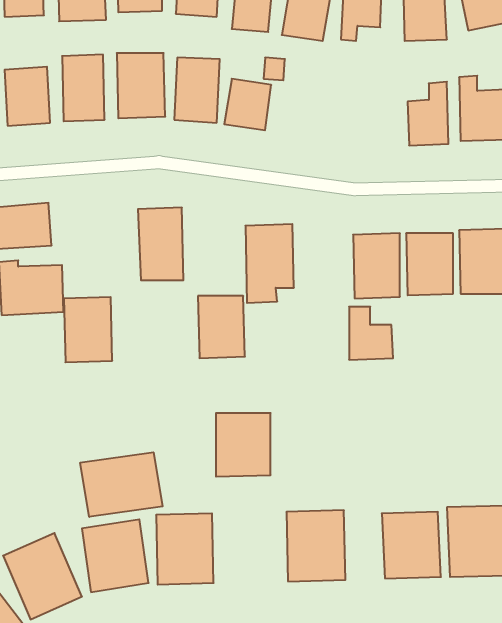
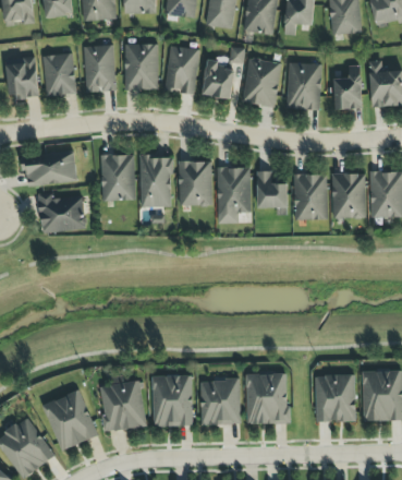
building: none -> [242,59,279,106]
building: none -> [287,63,320,109]
building: [198,296,245,358] -> [178,161,211,206]
building: [64,297,112,362] -> [100,154,135,201]
building: [349,307,393,360] -> [256,170,288,208]
building: [216,413,271,477] -> [200,380,240,425]
building: [80,452,163,517] -> none

